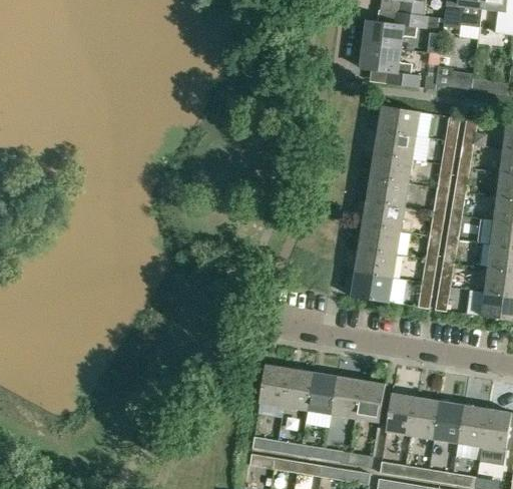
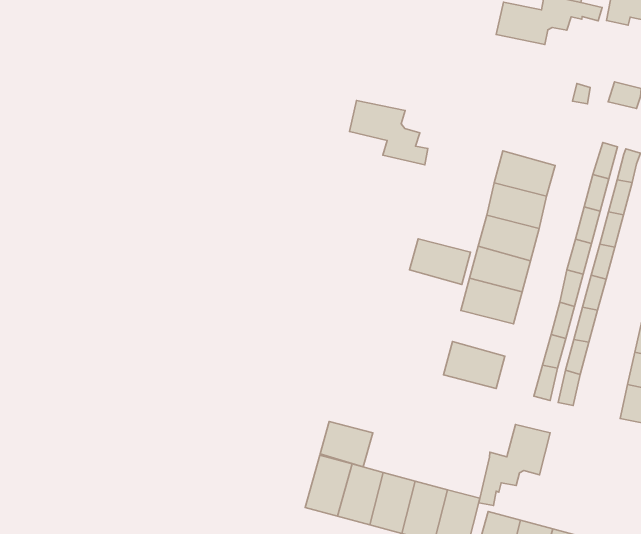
building: [361,45,419,87] -> [349,100,428,165]
building: [377,105,420,136] -> none
building: [354,249,397,279] -> [410,239,471,284]
building: none -> [479,424,550,506]
building: none -> [320,421,373,467]

